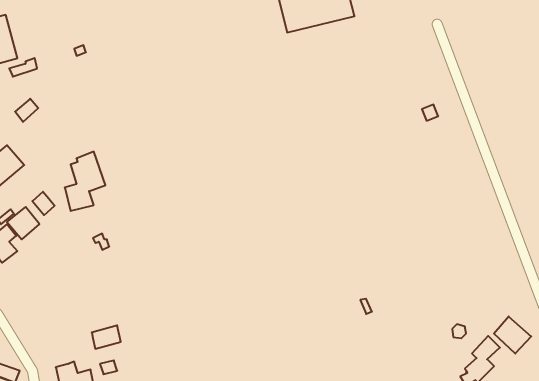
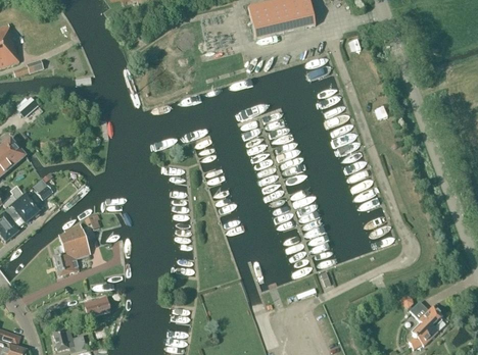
building: [65,152,105,211] -> [53,223,89,275]
building: [494,316,531,354] -> none

